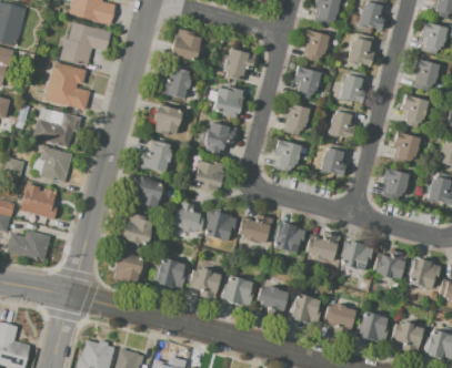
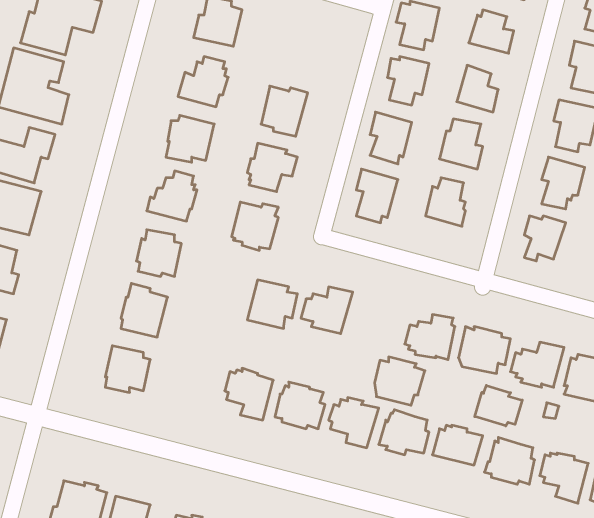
building: [224,48,255,81] -> none
building: [173,201,205,232] -> none
building: [273,221,305,252] -> [375,357,425,405]
building: [155,257,187,289] -> none
building: none -> [475,385,522,426]

